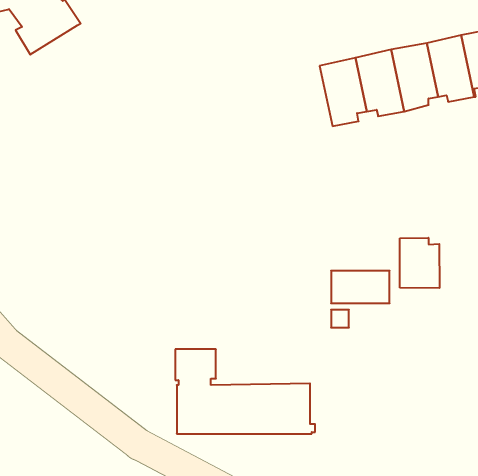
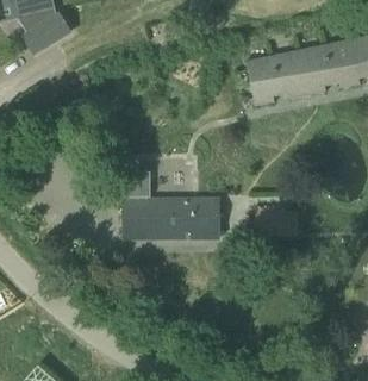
building: [400,238,439,288] -> none
building: [175,349,315,434] -> [120,174,223,236]

